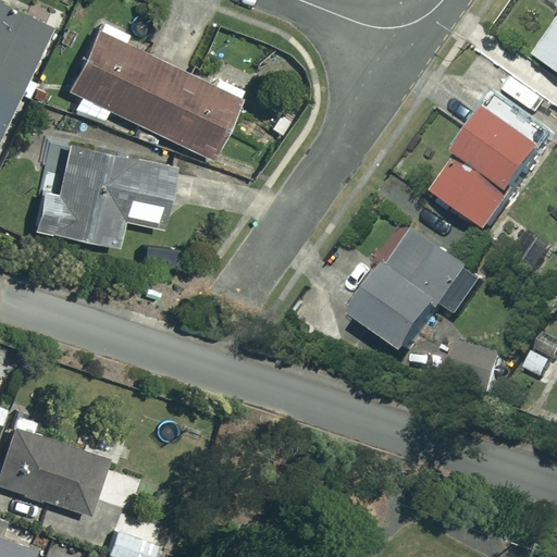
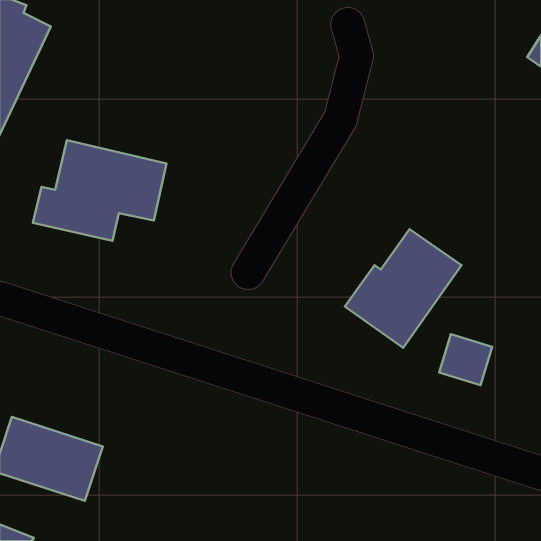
building: [67,30,239,159] -> none
building: [437,114,549,234] -> none

